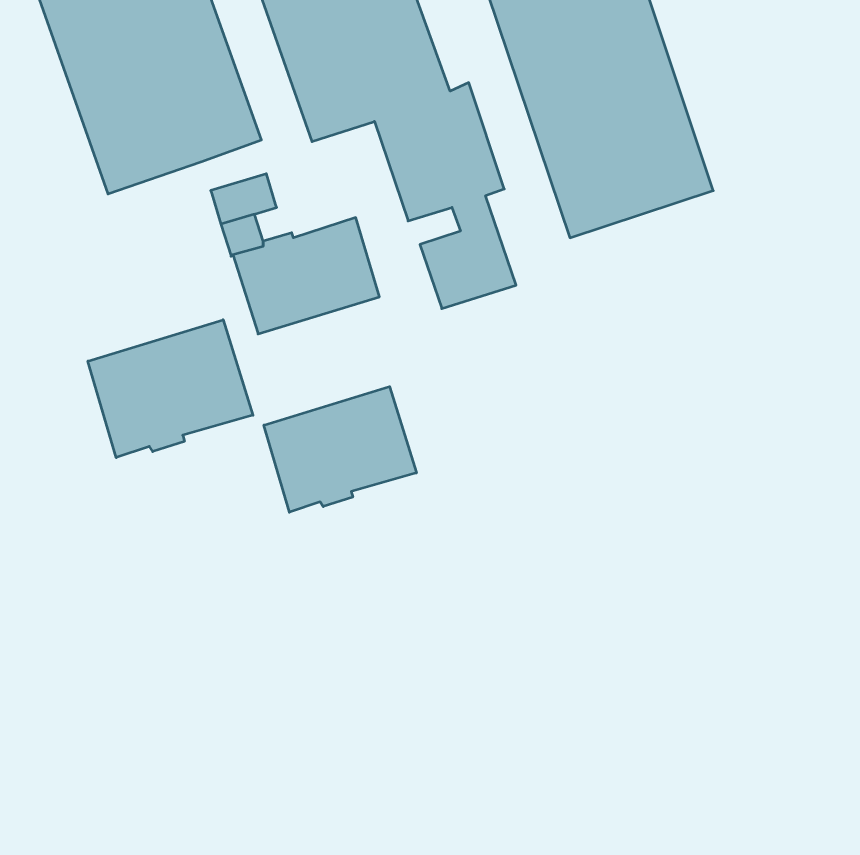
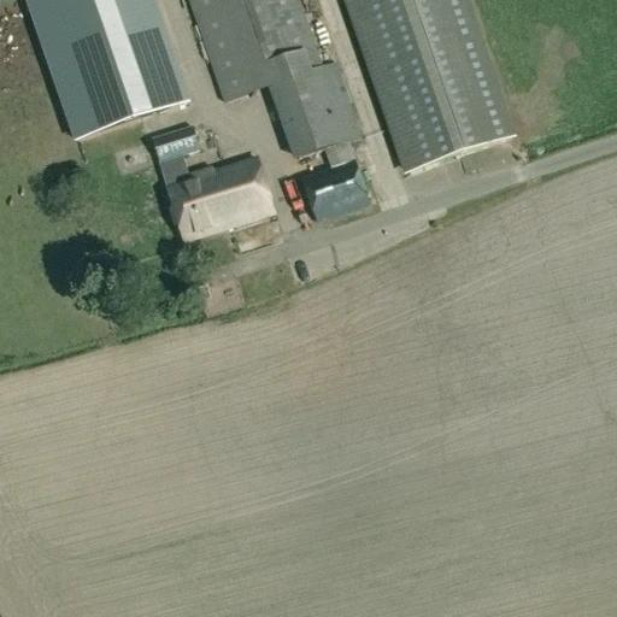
building: [88,320,253,458] -> none
building: [264,387,416,512] -> none

